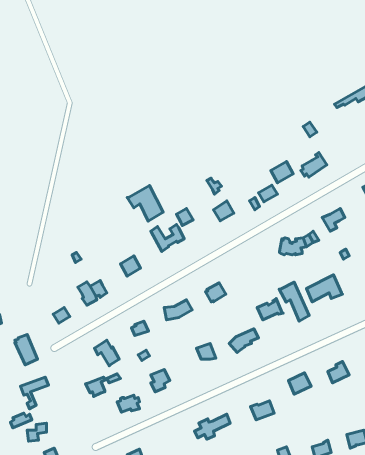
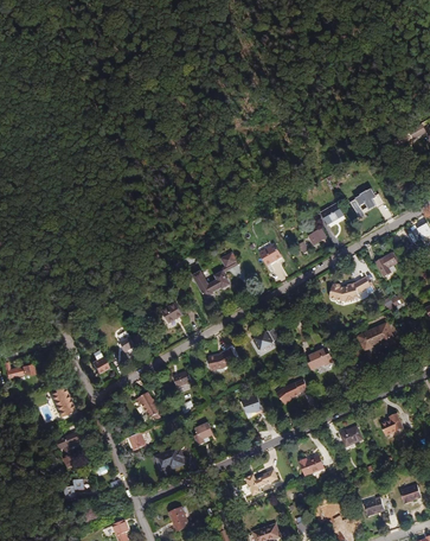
building: [127,185,163,221] -> none
building: [279,282,309,321] -> none

